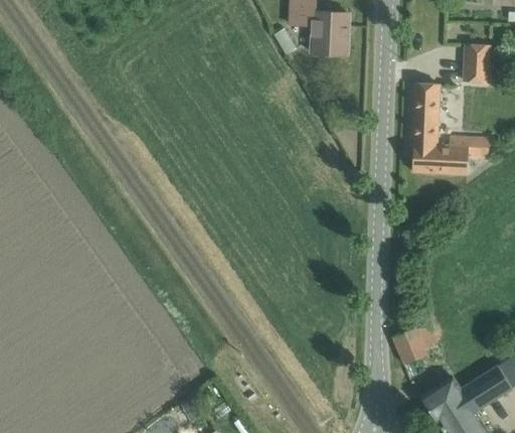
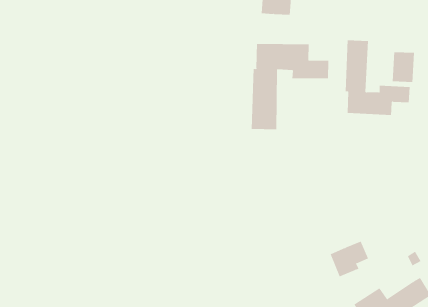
building: [463,45,490,82] -> [392,52,415,82]
building: none -> [251,43,329,130]

